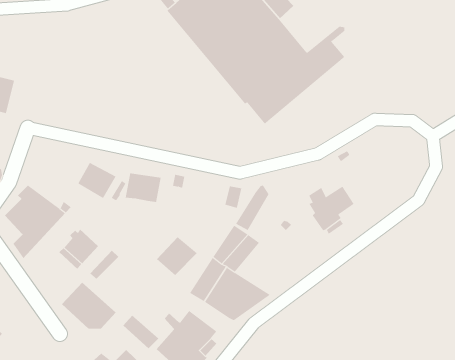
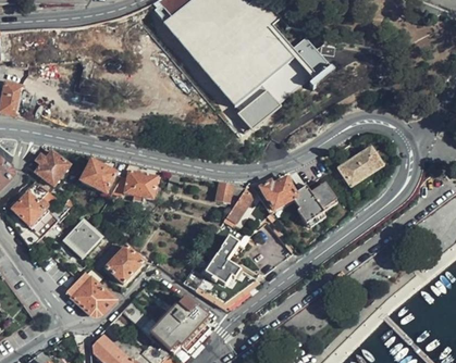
building: none -> [343,147,380,186]
building: none -> [36,151,70,186]
building: none -> [260,178,296,210]
building: [156,237,198,276] -> [107,247,145,283]

